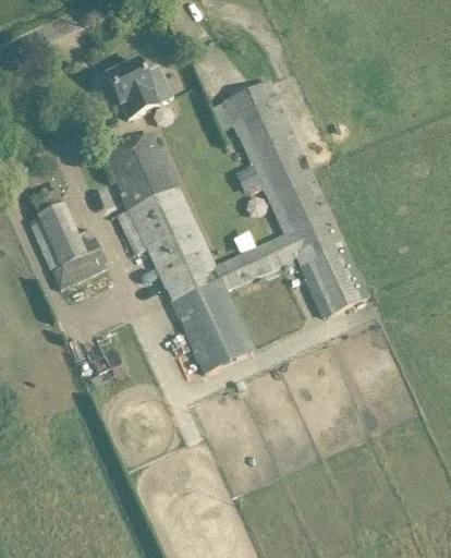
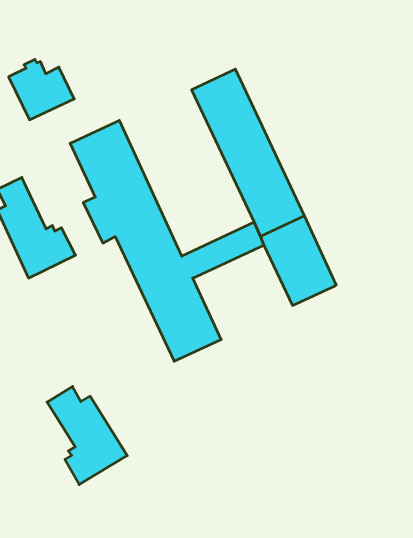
building: [106,59,171,119] -> [9,59,74,120]
building: none -> [47,386,127,485]

